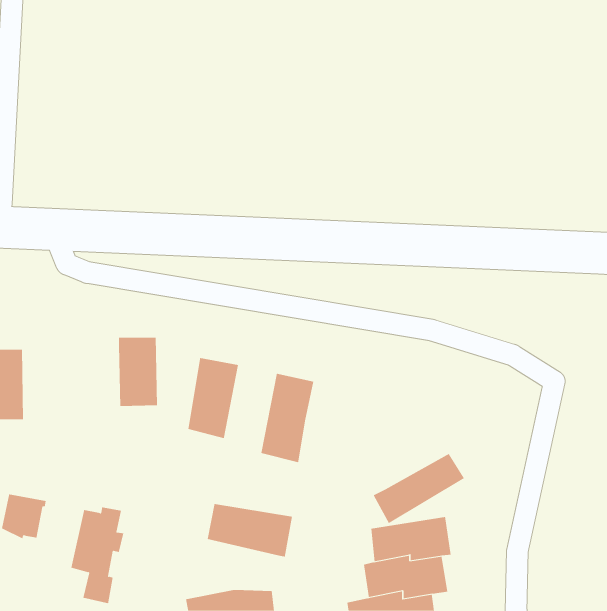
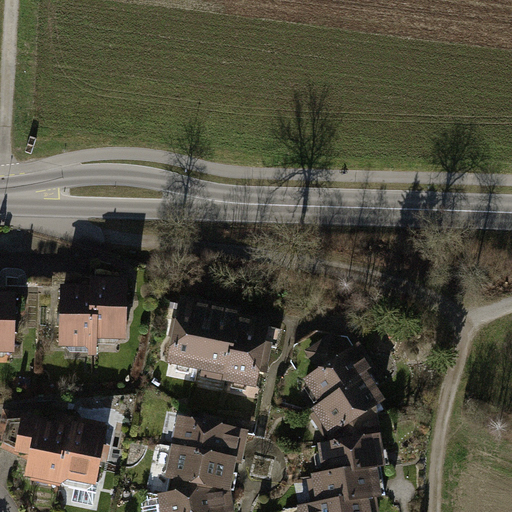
building: none -> [66,289,100,348]
building: none -> [187,305,231,379]
building: none -> [305,334,376,409]
building: none -> [26,417,71,481]
building: none -> [166,451,233,494]

